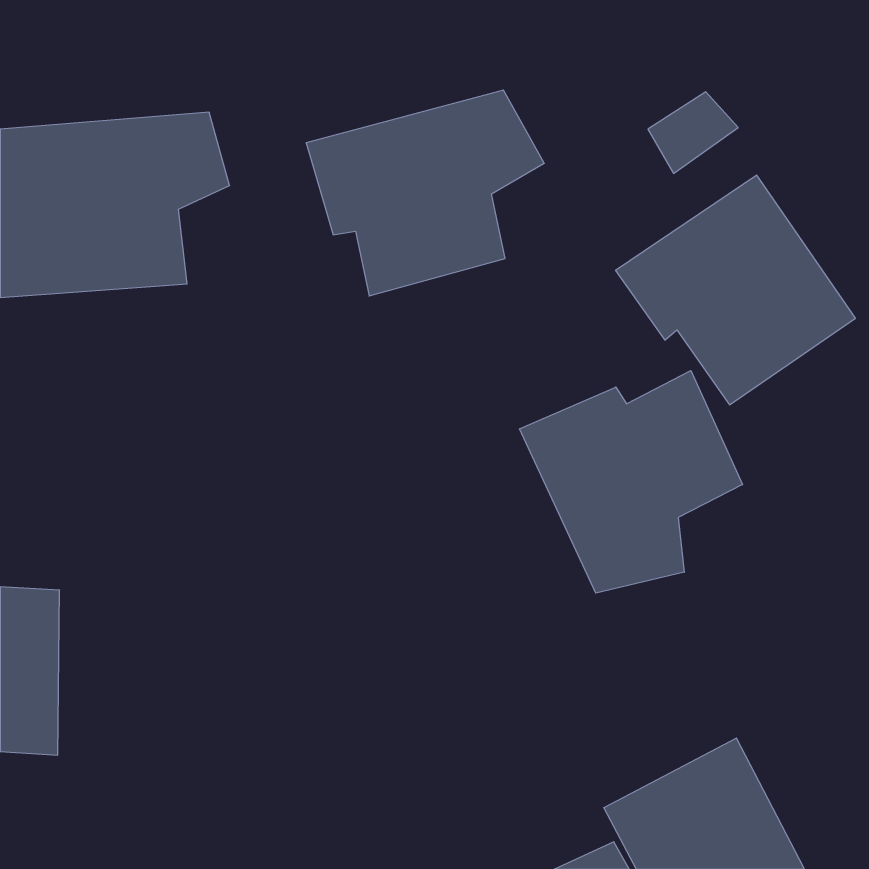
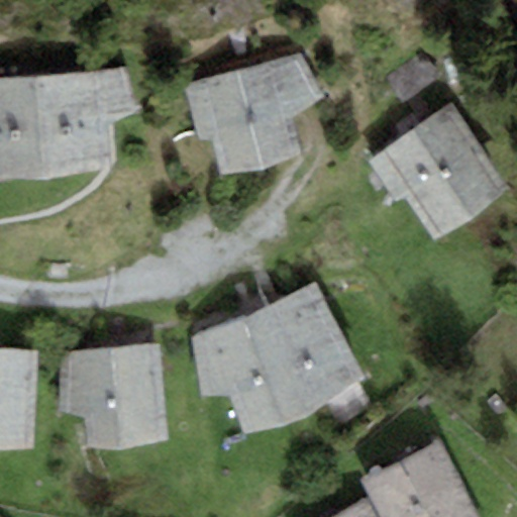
building: [519,371,743,593] -> none
building: none -> [192,283,364,436]
building: none -> [59,344,170,447]

